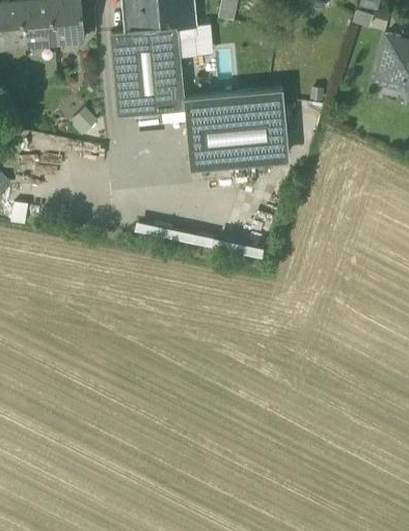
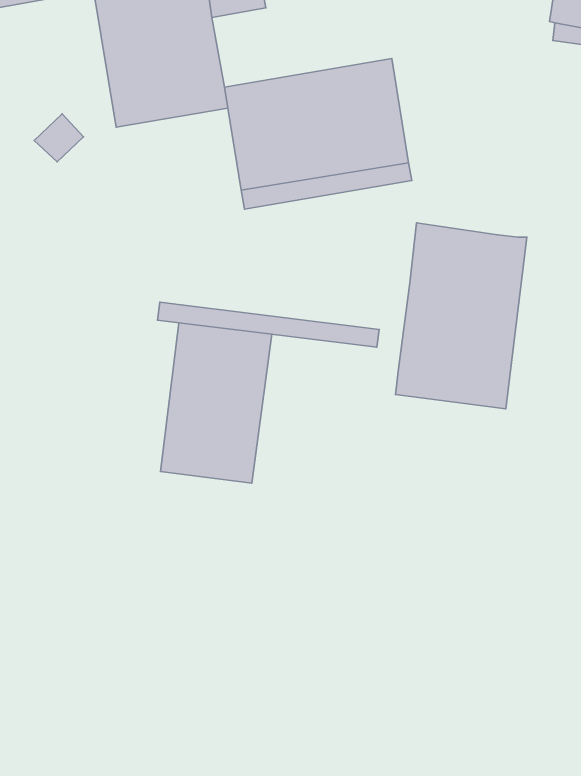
building: none -> [395,223,527,409]
building: none -> [160,323,272,483]

